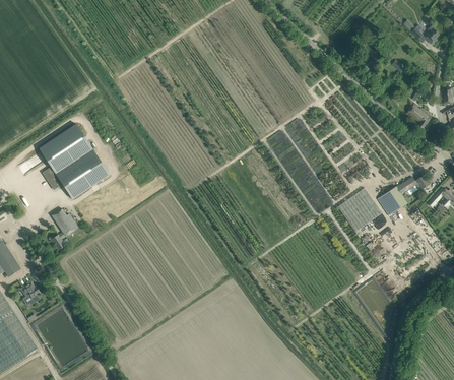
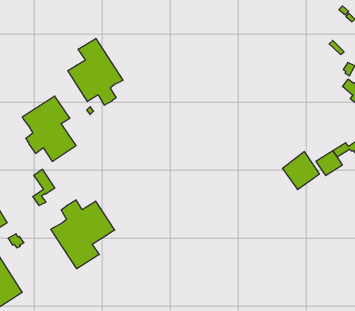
building: none -> [68,38,123,105]
building: none -> [51,200,115,269]

